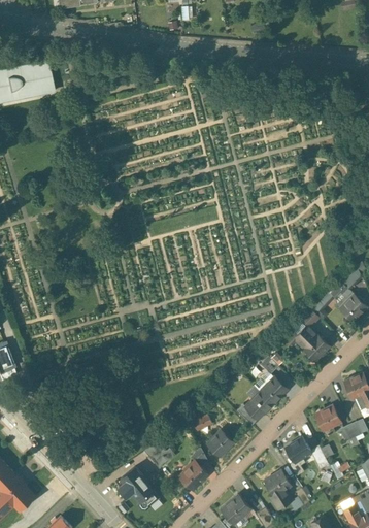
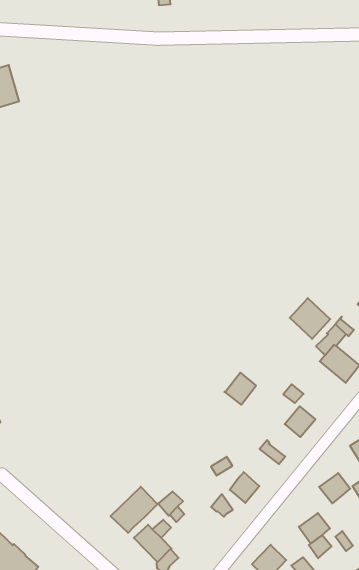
building: none -> [290,298,330,339]
building: [244,391,272,419] -> [224,373,256,405]
building: none -> [111,487,158,533]
building: [179,461,208,489] -> none

